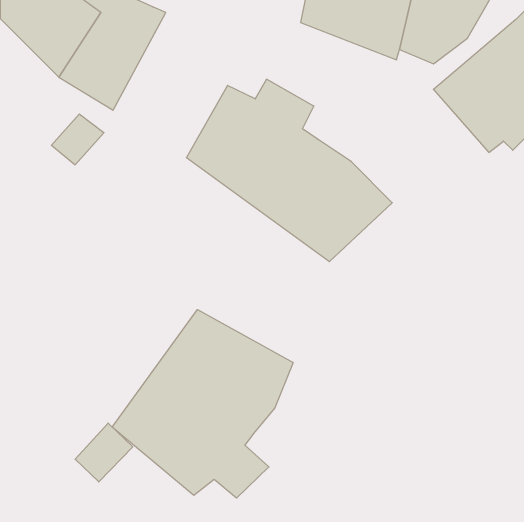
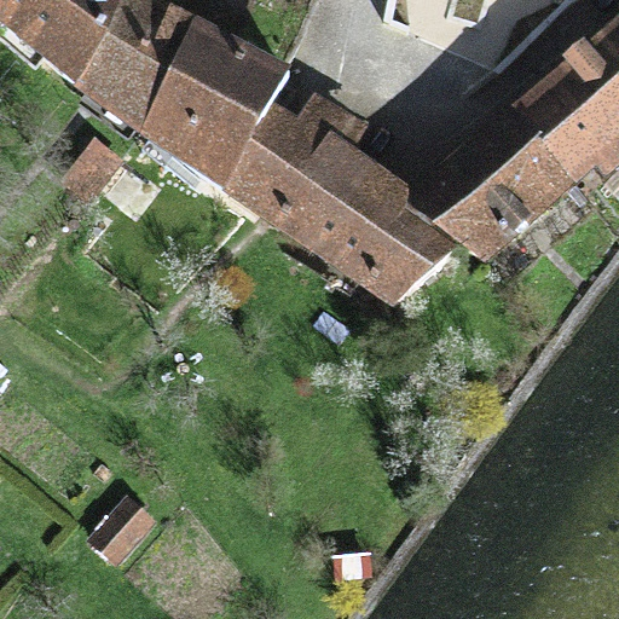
building: none -> [135,15,293,185]
building: none -> [415,105,577,265]
building: [112,310,293,498] -> none

